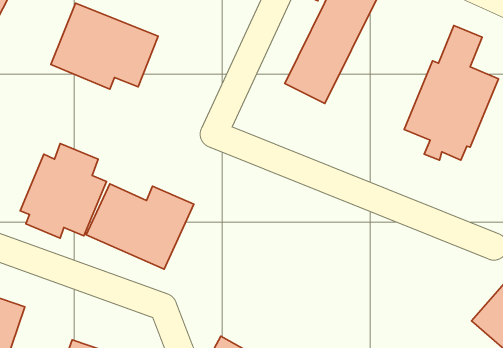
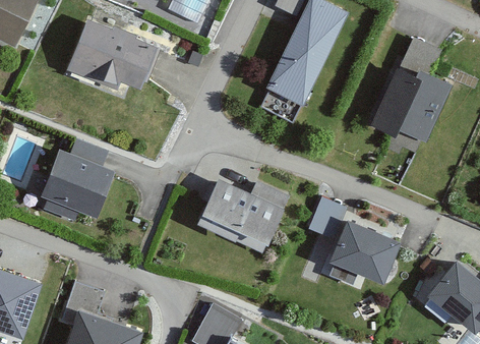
building: [86,184,194,269] -> [196,180,289,253]
building: none -> [307,198,345,240]
building: none -> [329,222,398,284]

